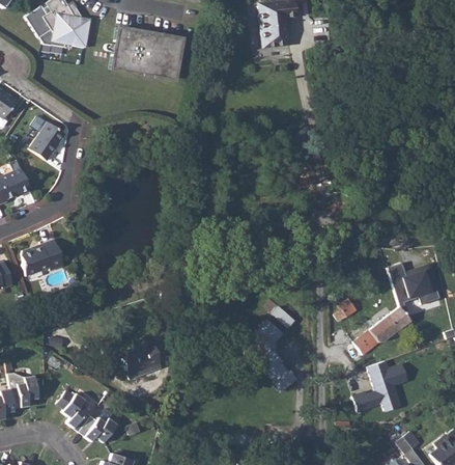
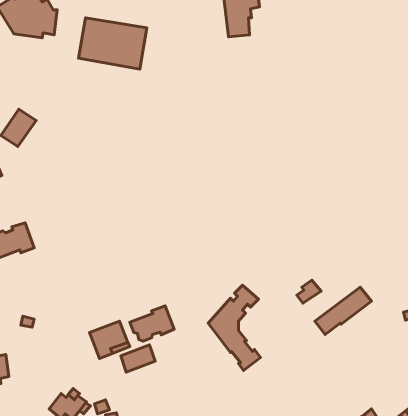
building: [388,262,439,304] -> none
building: none -> [130,306,174,341]
building: [353,362,406,411] -> none
building: none -> [121,345,155,372]
building: [56,389,91,431] -> none

